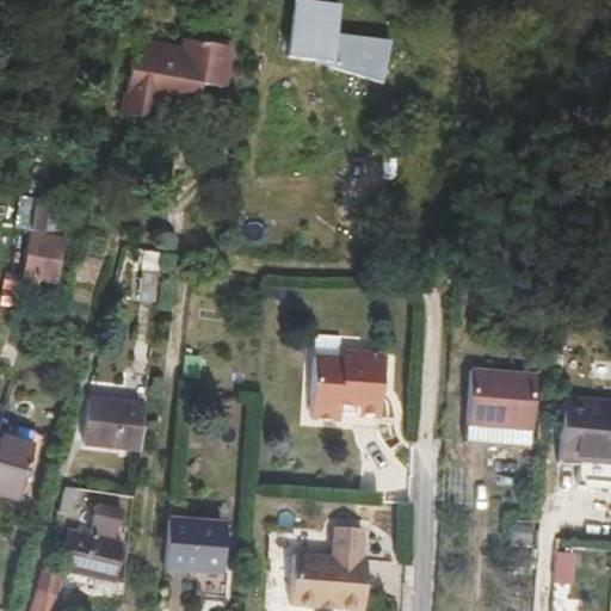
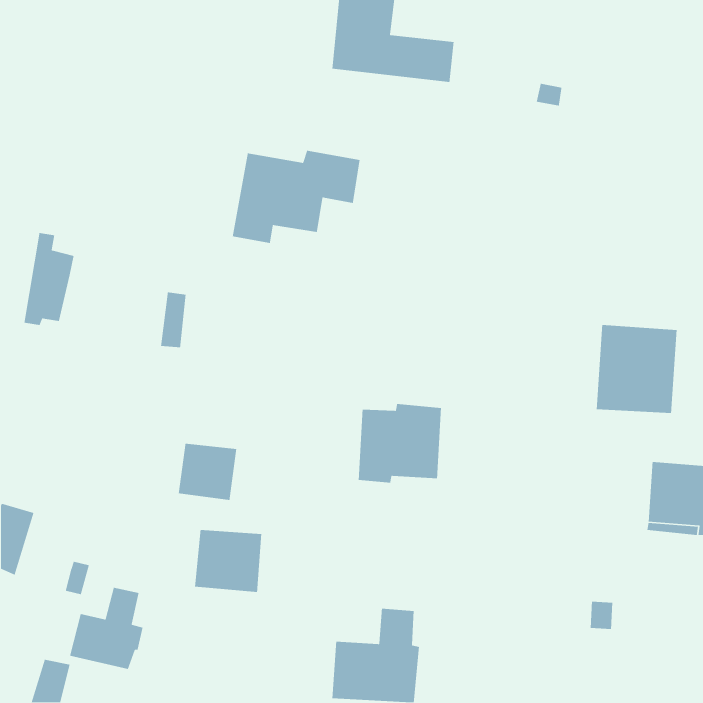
building: [124,37,235,118] -> [232,150,360,244]
building: [468,368,538,445] -> [596,324,677,414]
building: [95,400,147,450] -> [178,443,237,501]
building: [165,519,223,574] -> [194,529,262,593]

